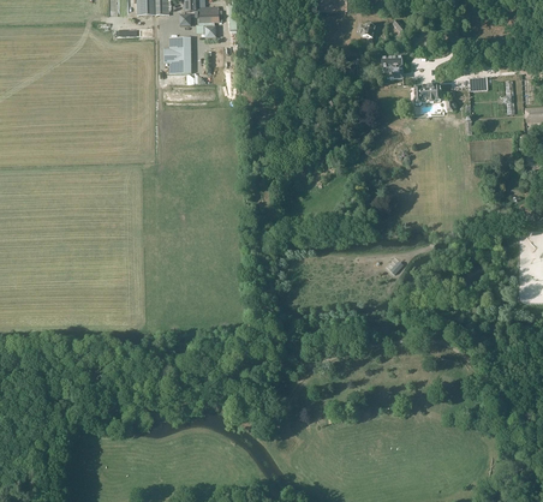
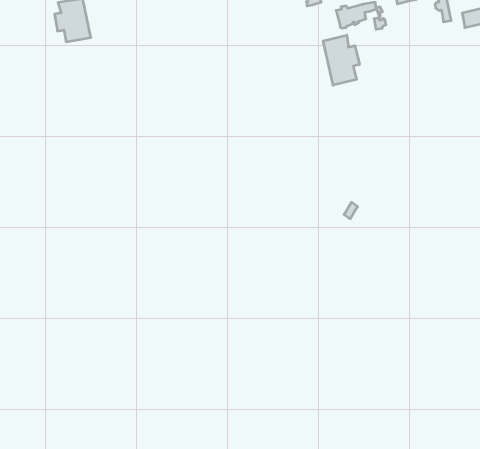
building: none -> [323,35,359,85]

